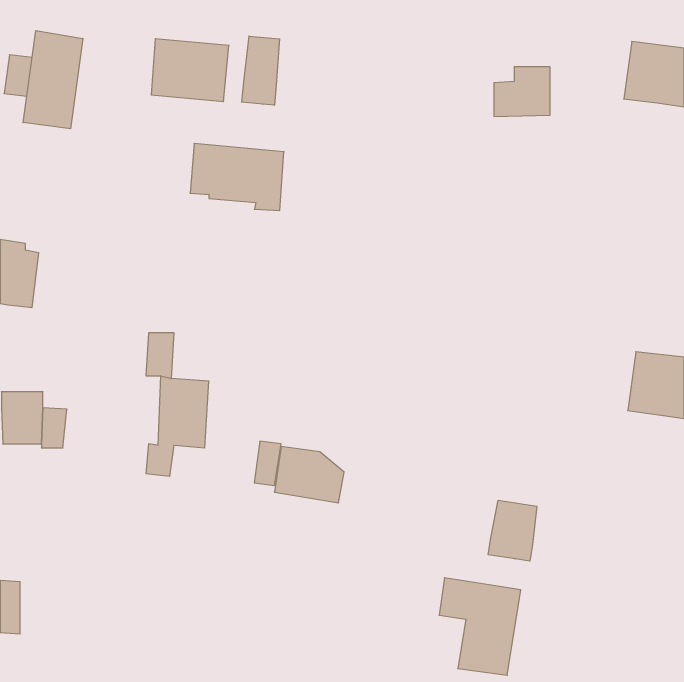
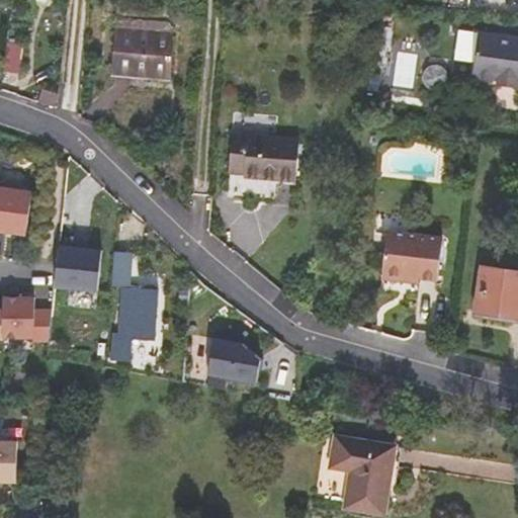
building: [23,31,83,129] -> none
building: [242,36,279,105] -> none
building: [190,144,284,211] -> [229,135,299,185]
building: none -> [381,232,443,281]
building: none -> [54,242,100,289]
building: [488,500,537,561] -> none

